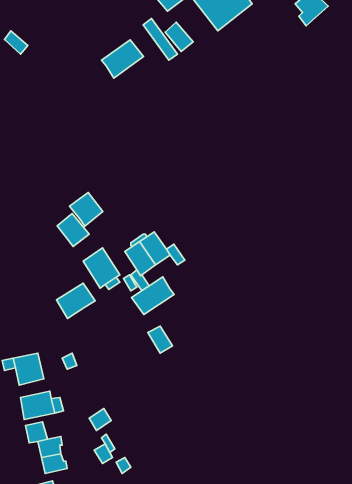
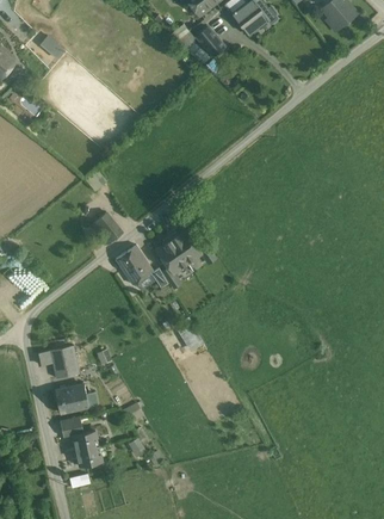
building: [102,40,144,78] -> none
building: [70,192,103,226] -> none
building: [132,277,174,314] -> none
building: [56,283,95,319] -> none

